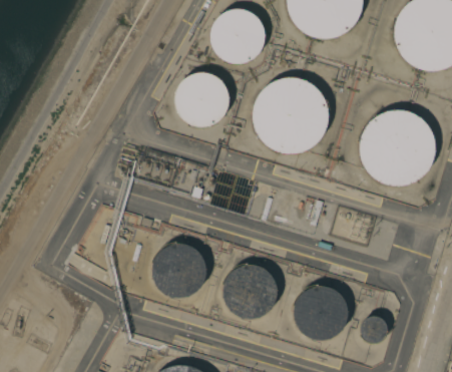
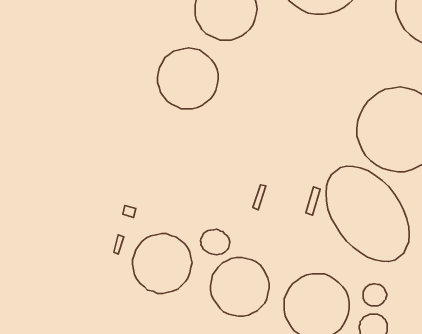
building: [254,79,330,155] -> none
building: none -> [326,166,409,261]
building: none -> [200,229,230,255]
building: none -> [363,284,387,306]

